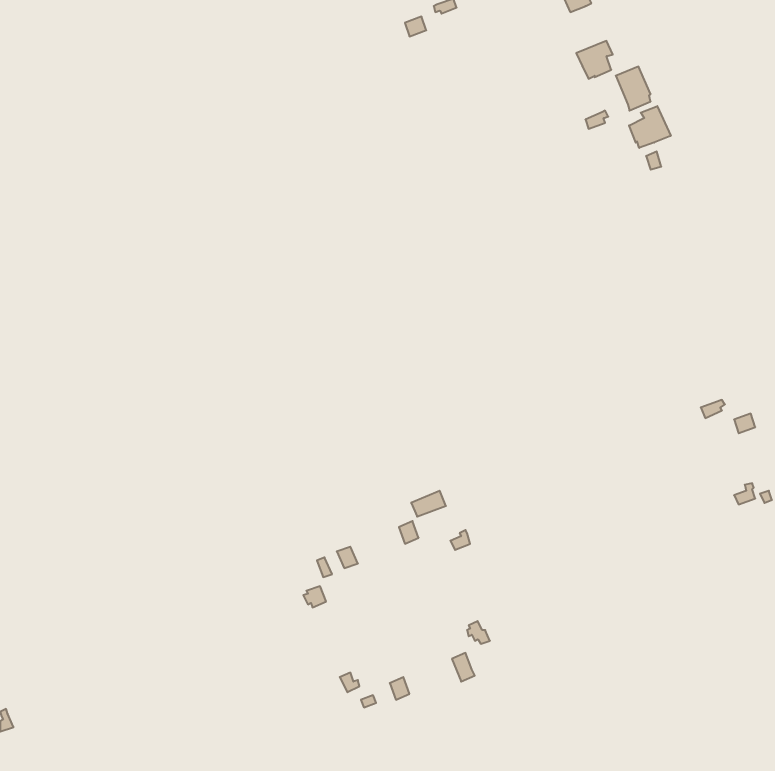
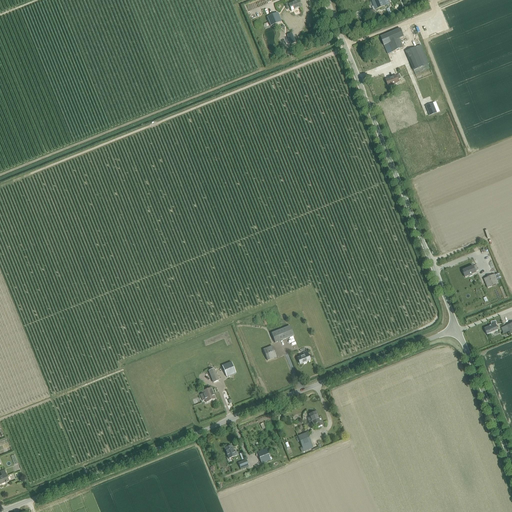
building: [629,106,671,148] -> none

